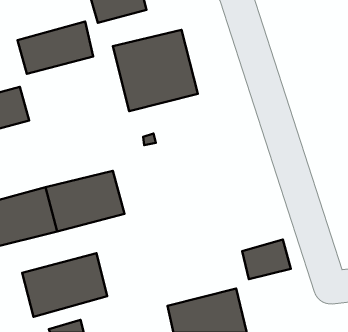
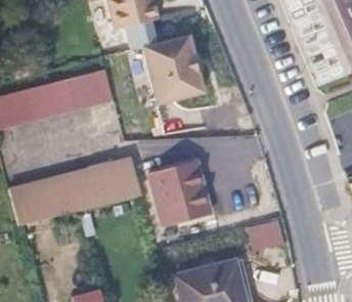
building: [18,22,93,74] -> [46,69,113,115]
building: none -> [149,163,209,227]
building: [22,253,107,317] -> none

